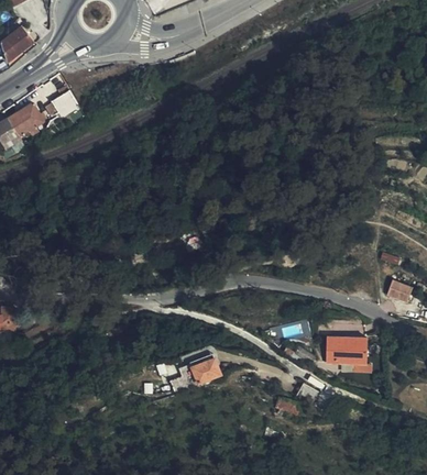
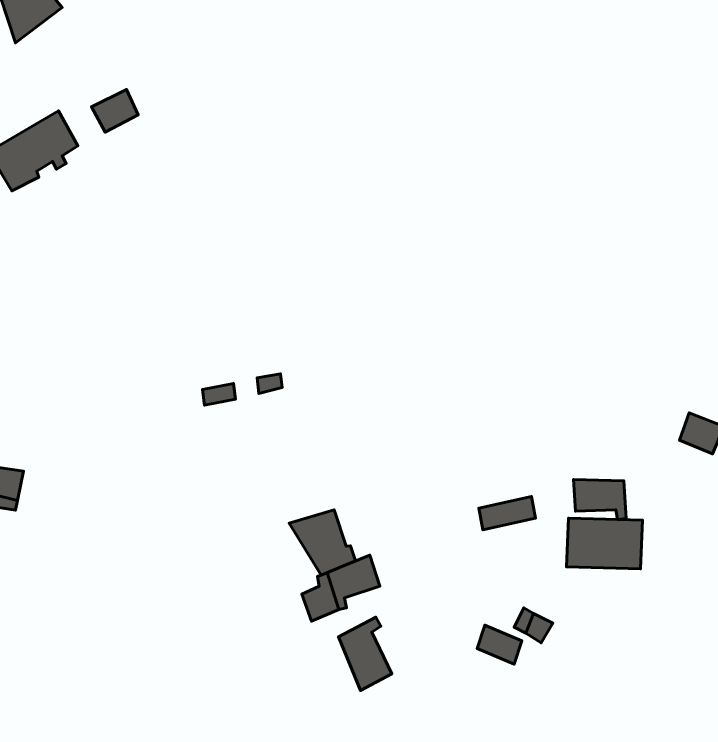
building: none -> [573,480,626,519]
building: none -> [289,510,356,575]
building: none -> [339,617,392,690]

